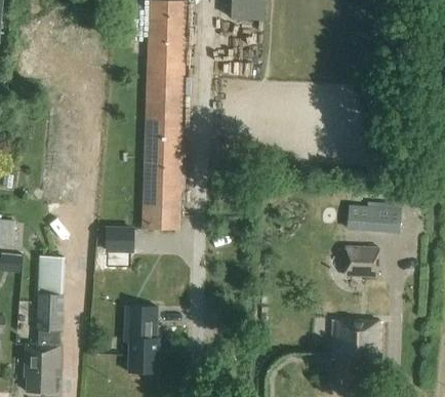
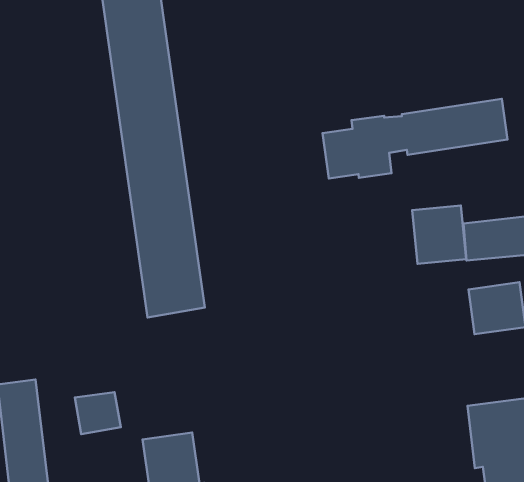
building: none -> [323,99,507,179]
building: none -> [412,206,466,264]
building: [107,228,132,251] -> [75,392,121,434]

